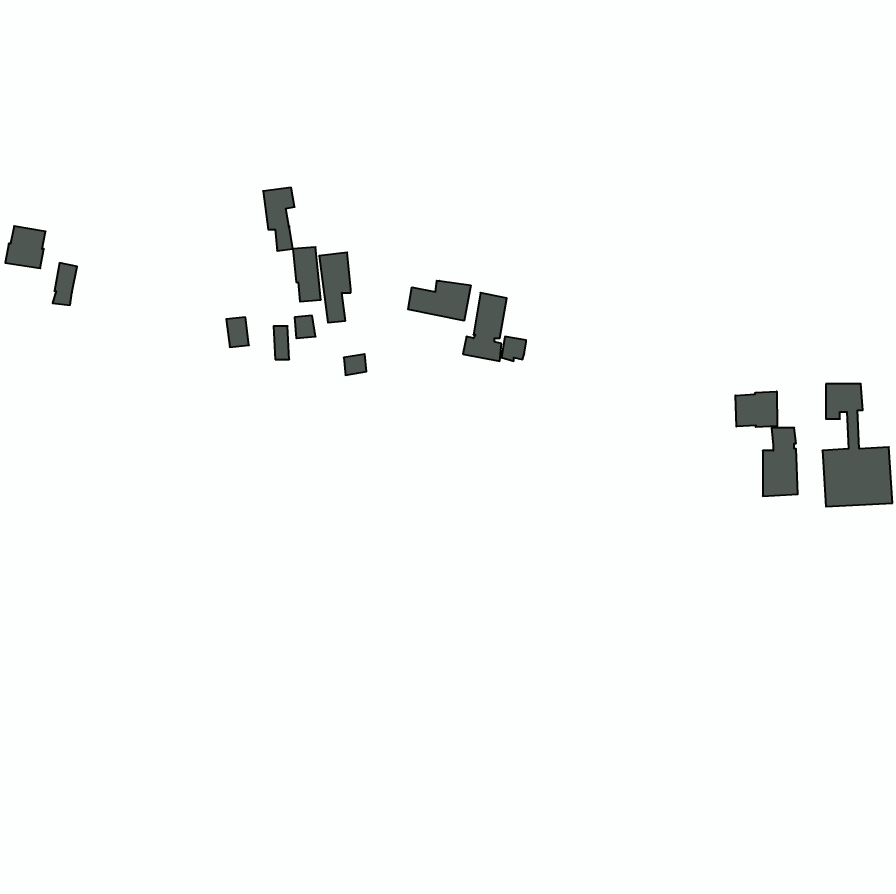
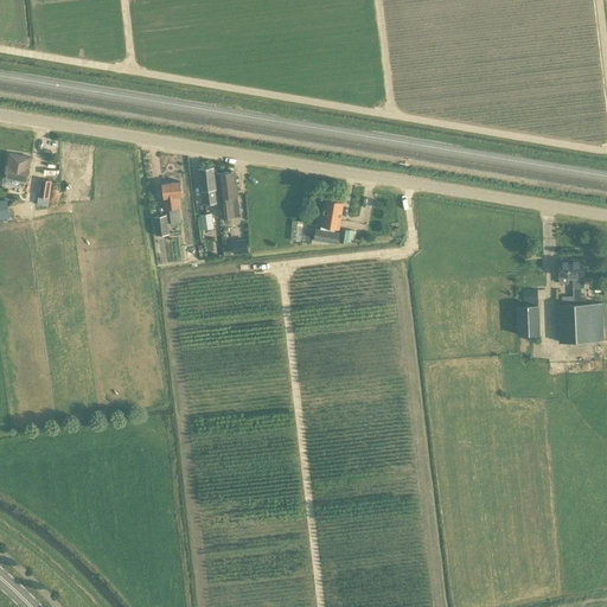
building: [263,188,295,251] -> [161,183,183,225]
building: [408,281,471,321] -> none
building: [735,391,777,427] -> none

